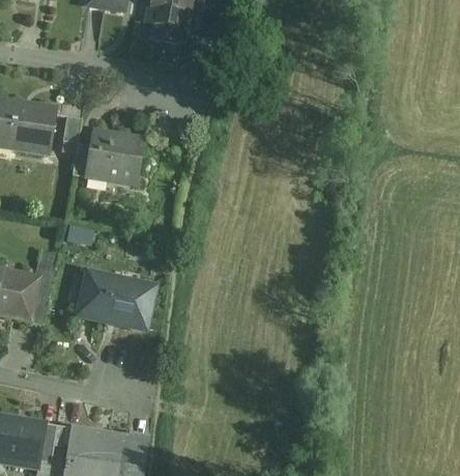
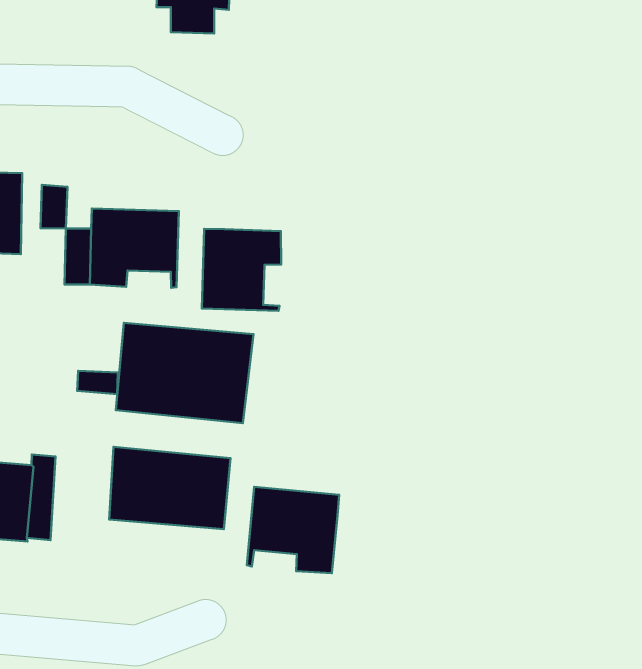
building: none -> [202,229,281,311]
building: none -> [116,323,253,423]
building: none -> [247,487,339,573]

